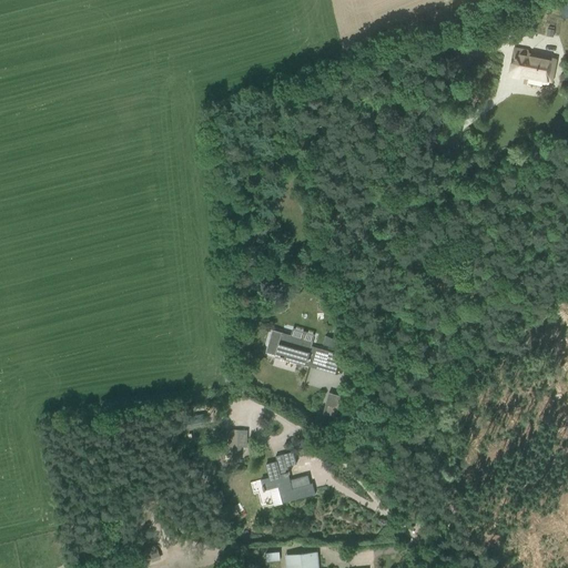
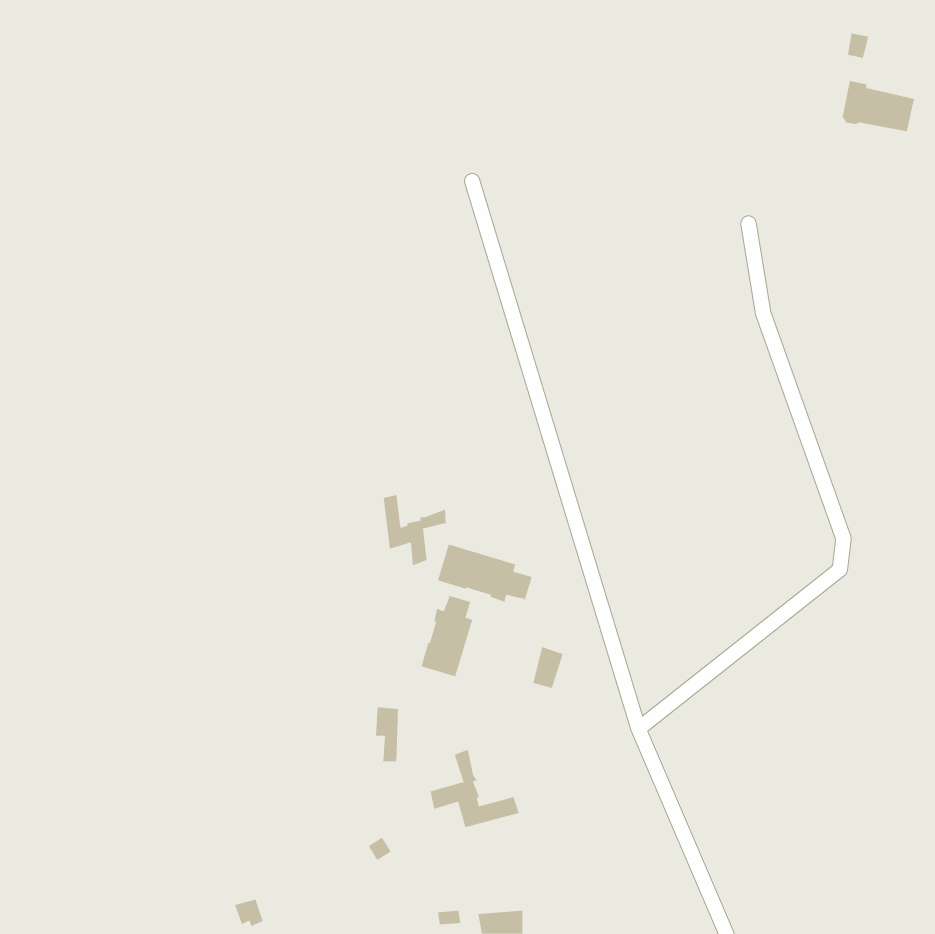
building: none -> [383,494,446,566]
building: none -> [421,595,473,677]

